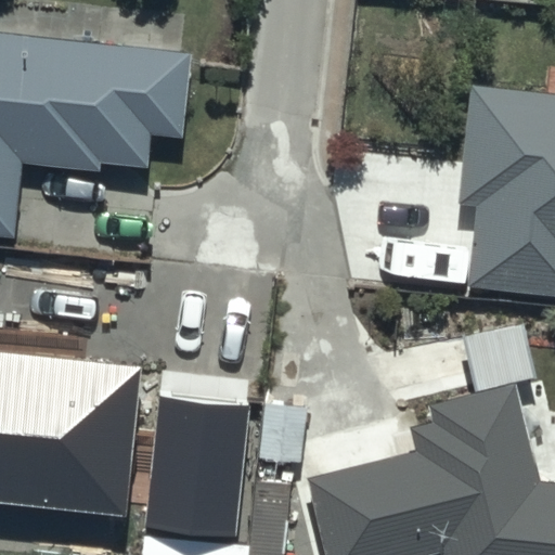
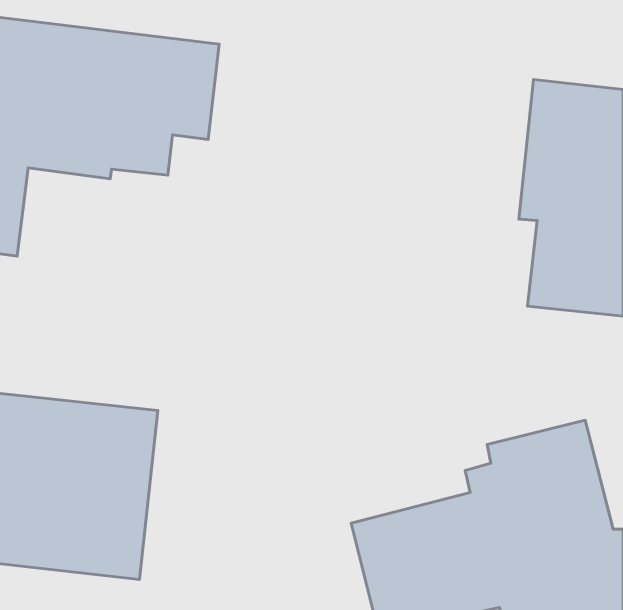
building: [144,383,246,541] -> none

